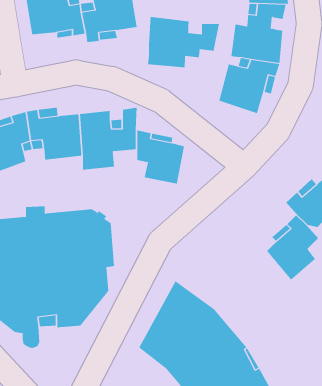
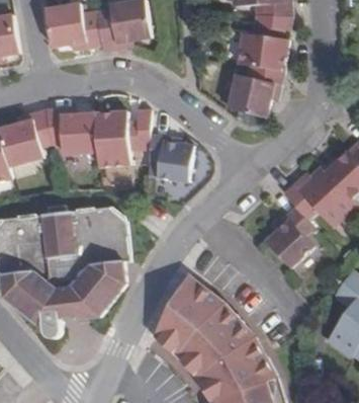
building: [147,16,219,68] -> none

